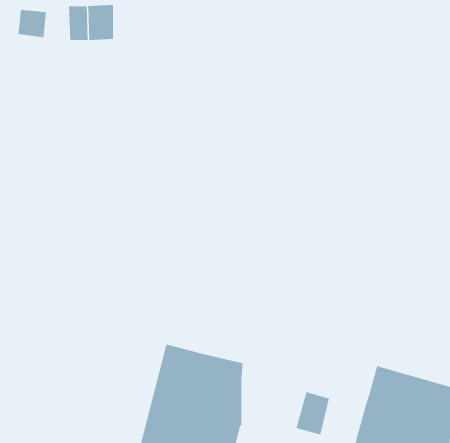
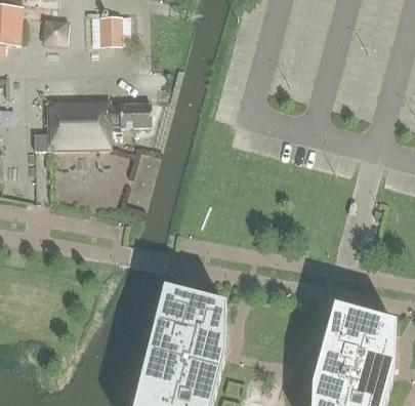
building: none -> [34,98,151,149]
building: [296,391,330,436] -> none

